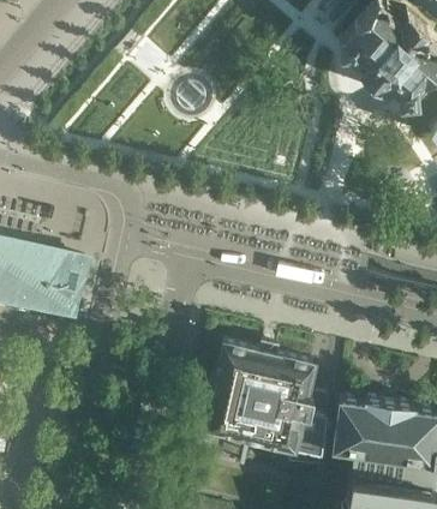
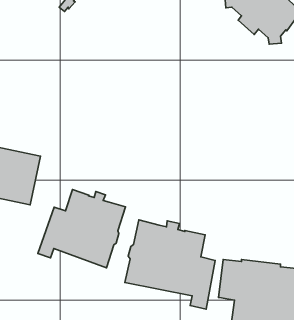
building: none -> [38,190,126,268]

